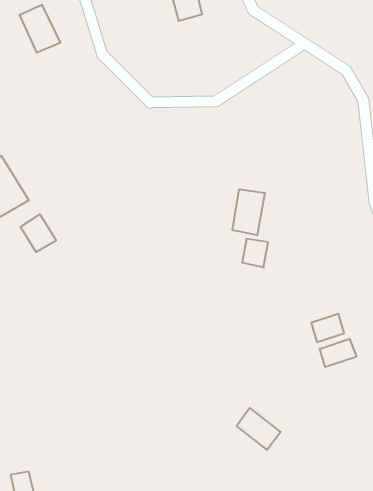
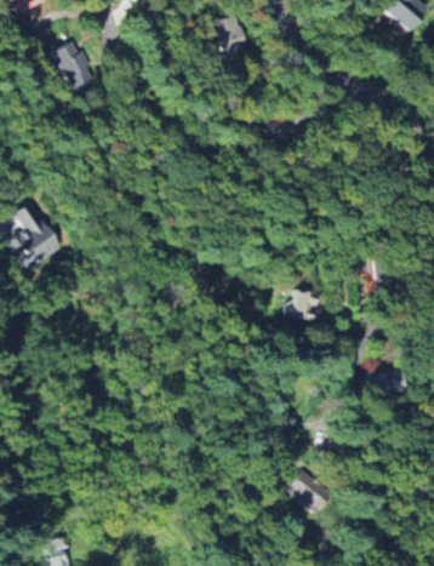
building: [233,189,265,235] -> none
building: [21,214,56,252] -> none
building: [320,339,356,367] -> none

